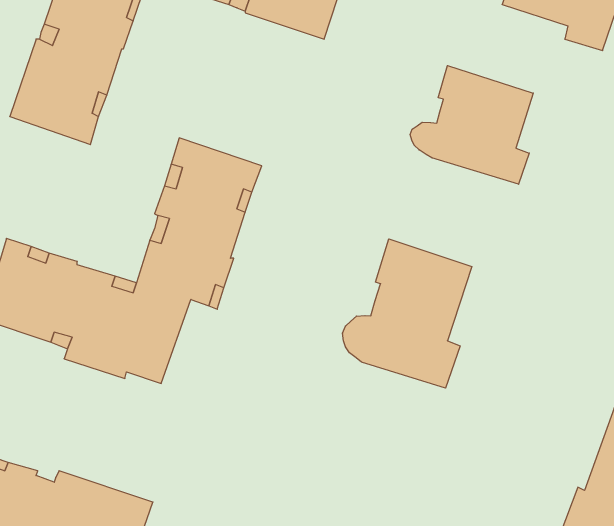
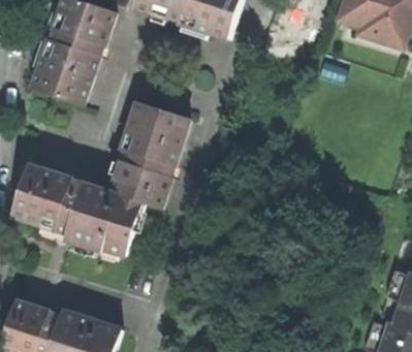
building: [410,66,533,184] -> none
building: [343,239,472,388] -> none

